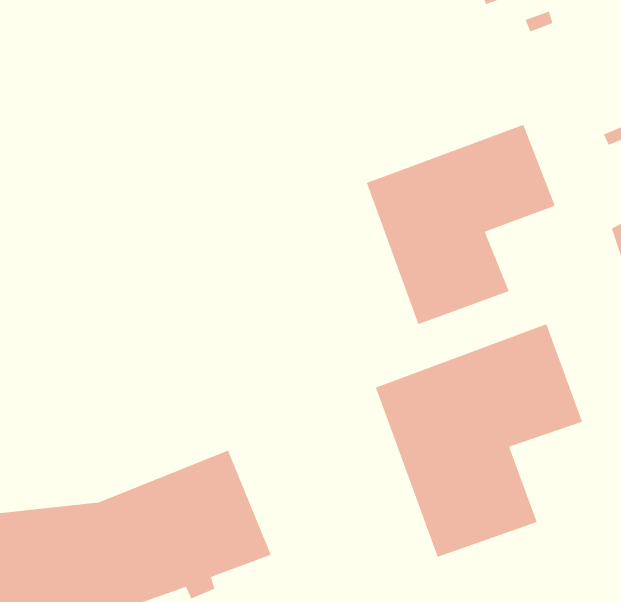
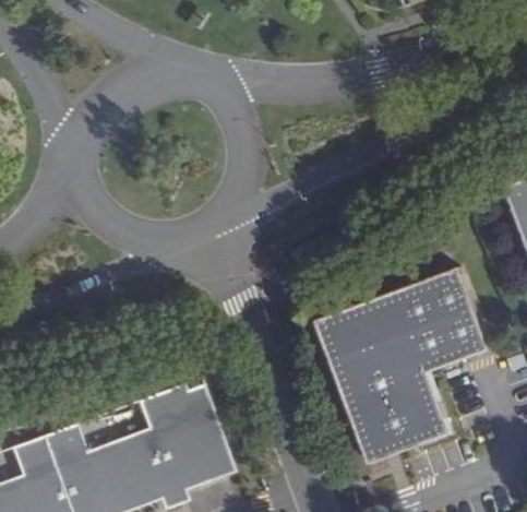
building: [366,124,556,325] -> none

